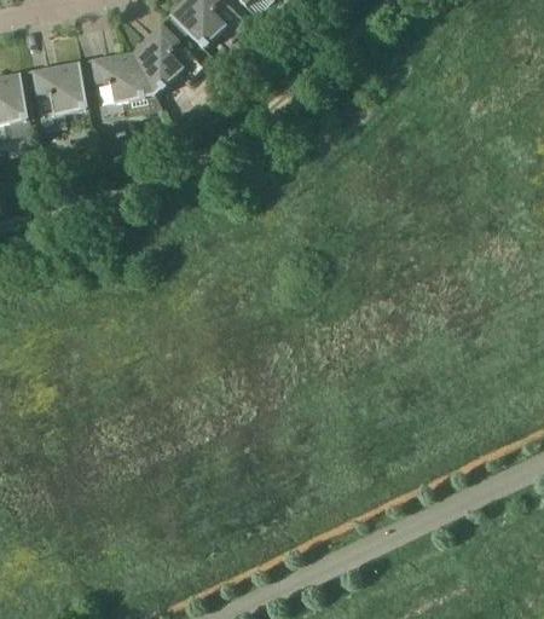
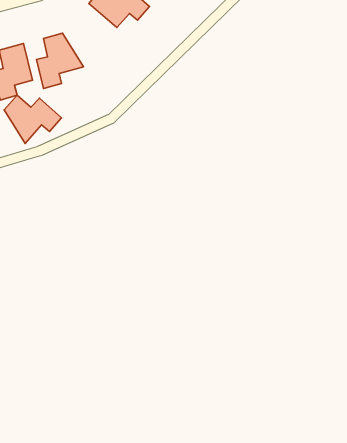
building: [129,31,203,96] -> [4,95,61,144]

